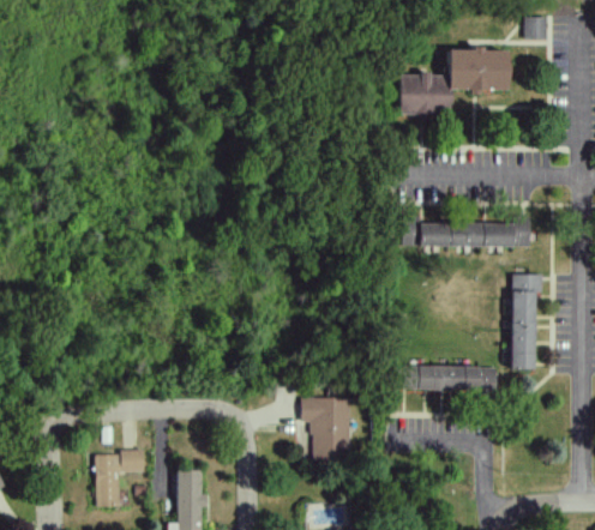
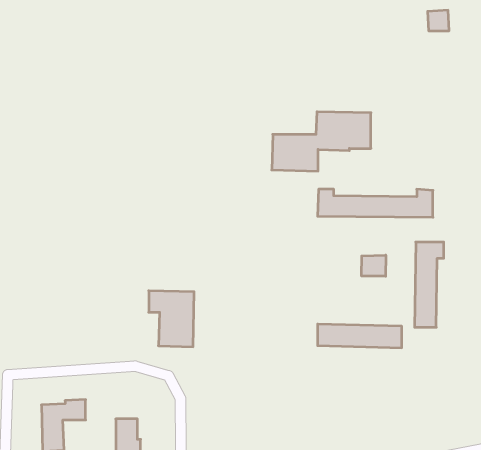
building: [398,49,509,115] -> [272,112,371,171]
building: none -> [362,255,386,276]
building: [301,398,351,460] -> [149,291,194,347]

